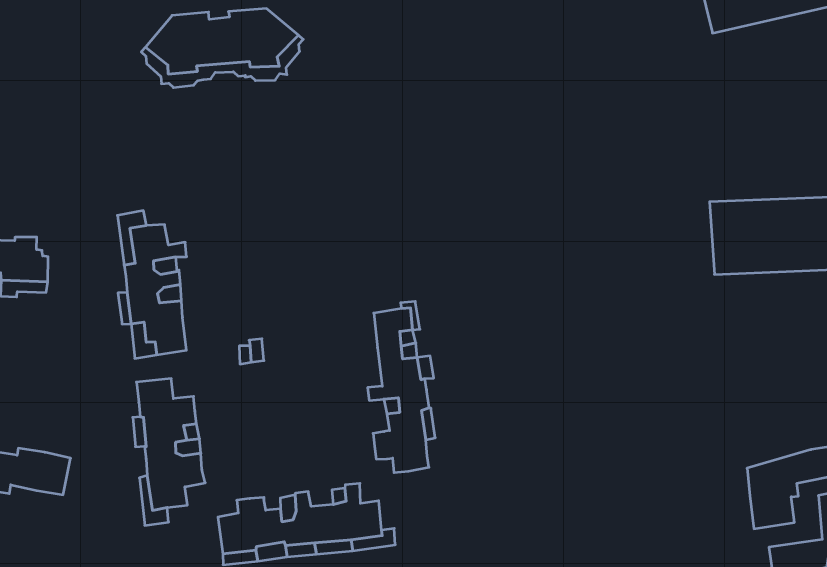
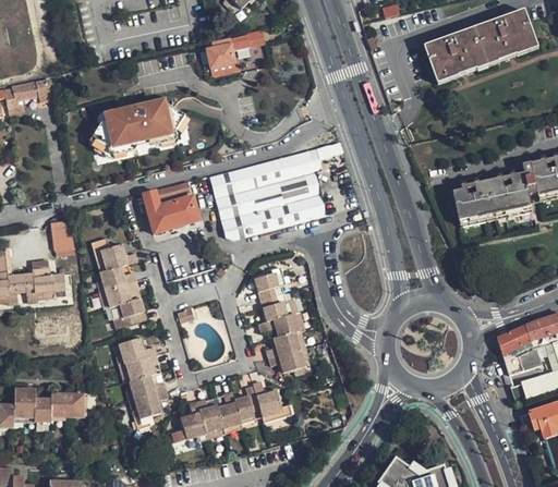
building: none -> [211,148,326,239]
building: none -> [142,182,199,234]
building: none -> [51,218,73,244]

